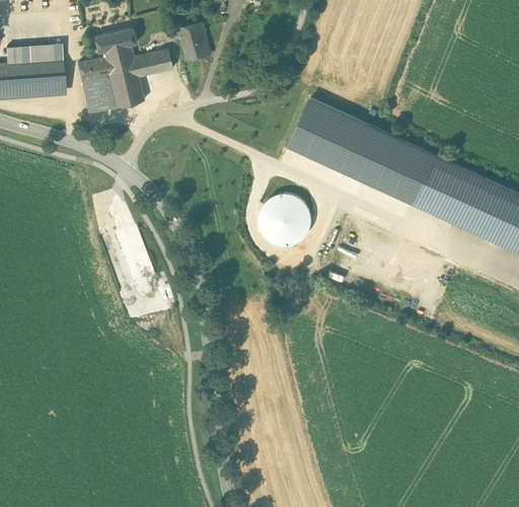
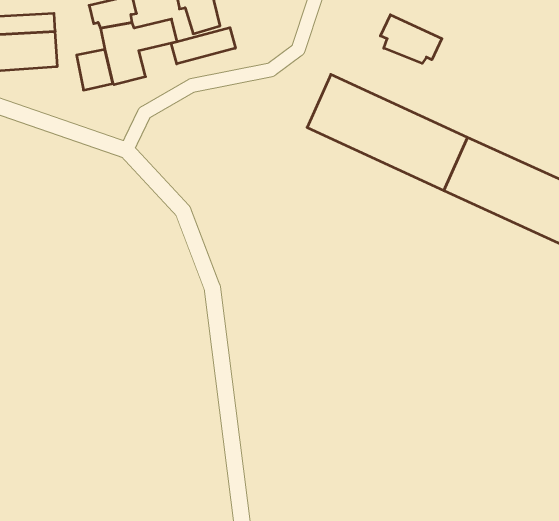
building: none -> [380,15,442,63]
building: none -> [171,28,235,64]
building: [78,58,107,82] -> none
building: [258,195,311,246] -> none

